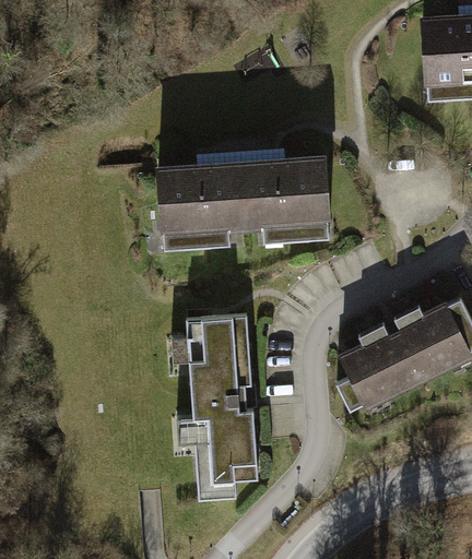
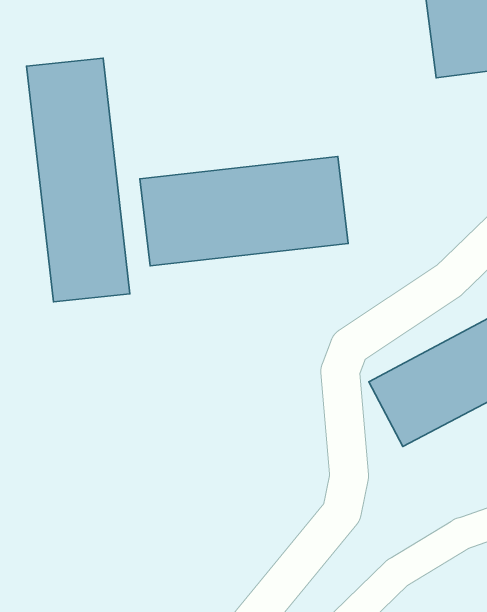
building: none -> [27,58,130,302]
building: [178,311,262,486] -> none

